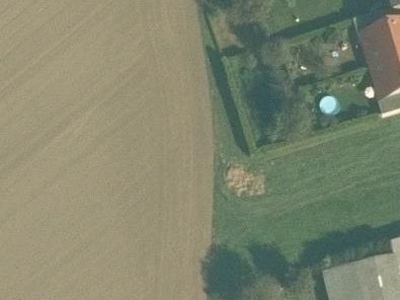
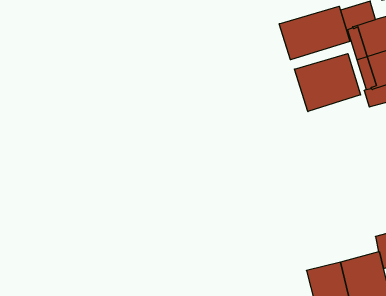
building: none -> [279,6,350,60]
building: none -> [294,54,361,112]

